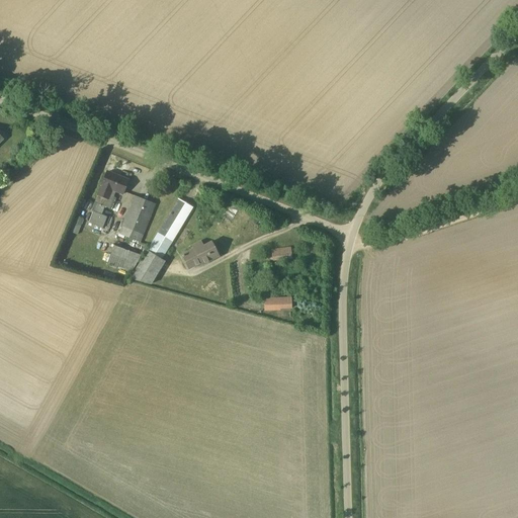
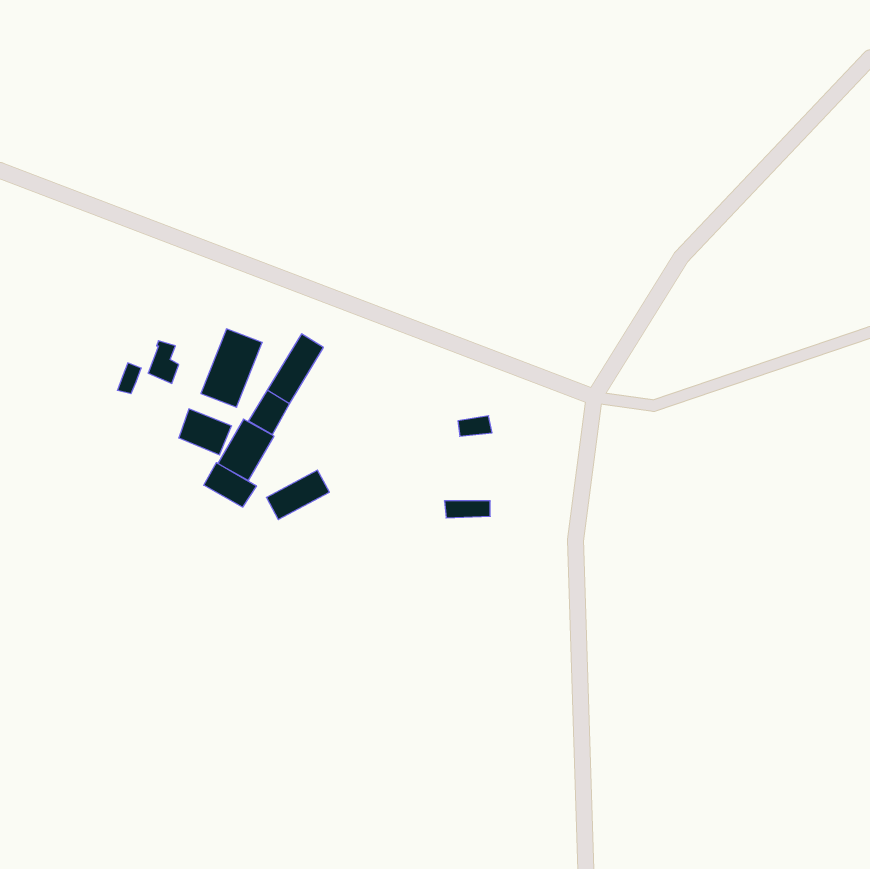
building: [94,172,128,208] -> none
building: [182,239,220,268] -> [266,470,329,520]
building: none -> [204,463,256,507]

